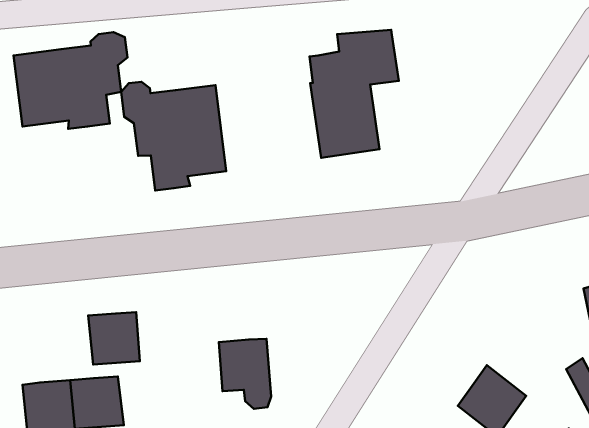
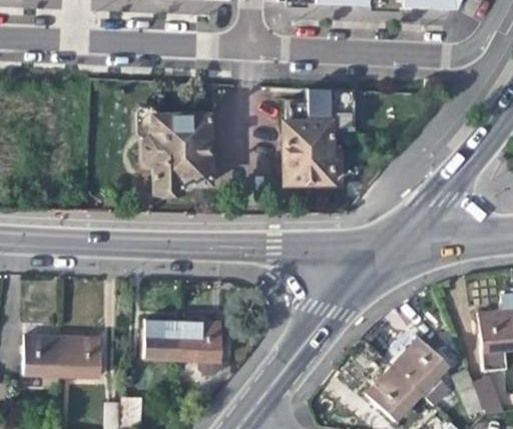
building: [14,32,127,129] -> none
building: [88,312,140,364] -> [146,317,185,358]
building: none -> [395,339,448,392]

